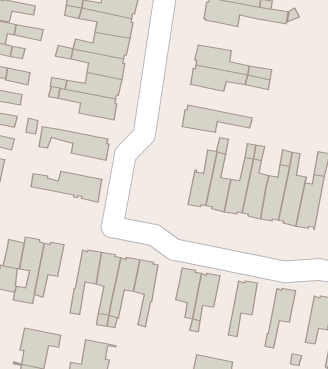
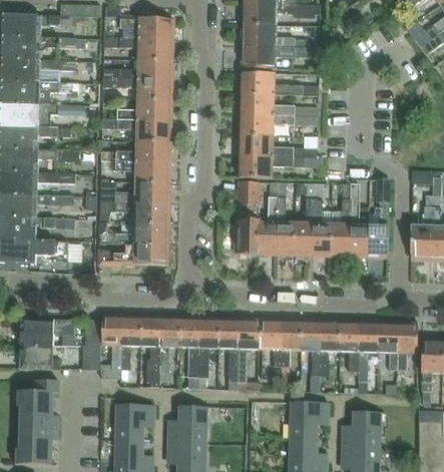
building: none -> [241,72,319,97]
building: none -> [239,135,317,158]
building: none -> [100,182,170,203]
building: none -> [237,181,261,255]
building: none -> [100,222,169,245]
building: none -> [141,316,161,388]
building: none -> [237,319,259,383]
building: none -> [301,320,321,377]
building: none -> [340,321,360,369]
building: none -> [378,322,398,371]

